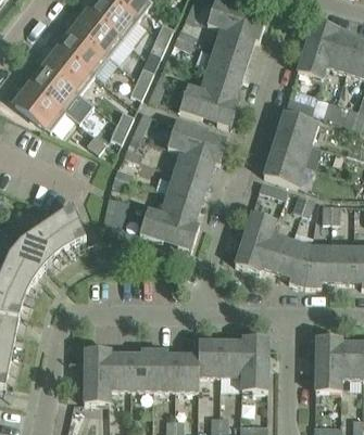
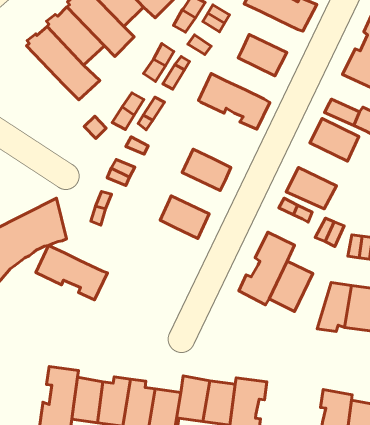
building: [214,27,254,59] -> none
building: [200,68,240,100] -> none
building: [15,82,65,129] -> none
building: [167,121,227,163] -> none
building: [271,131,311,164] -> none
building: [167,170,208,202] -> none
building: [139,208,199,248] -> [36,245,107,300]
building: [284,240,311,285] -> none

